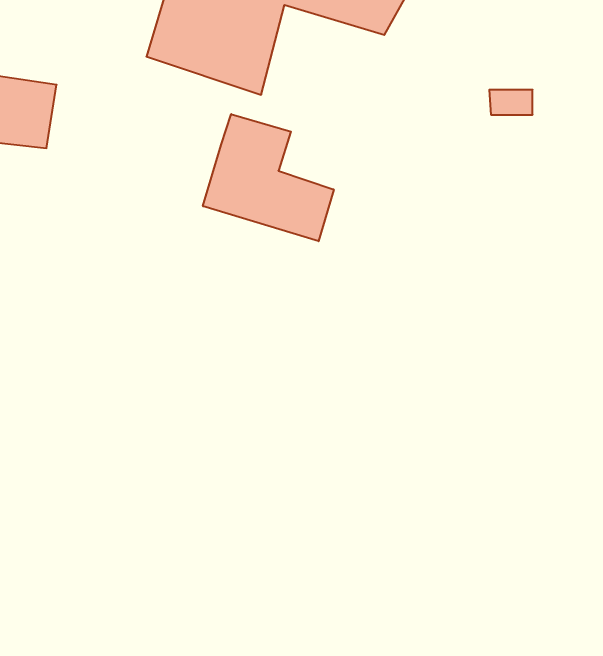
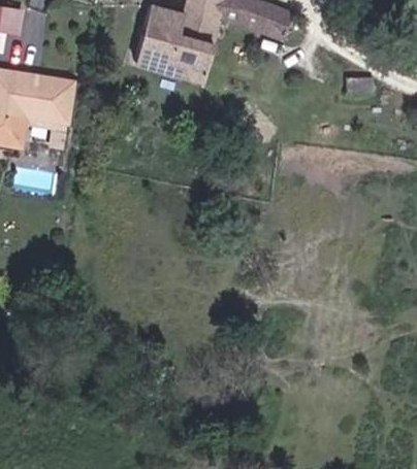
building: [203,114,334,241] -> none

